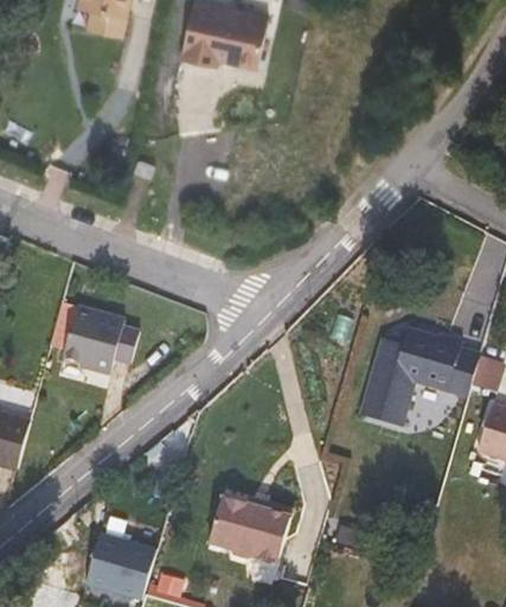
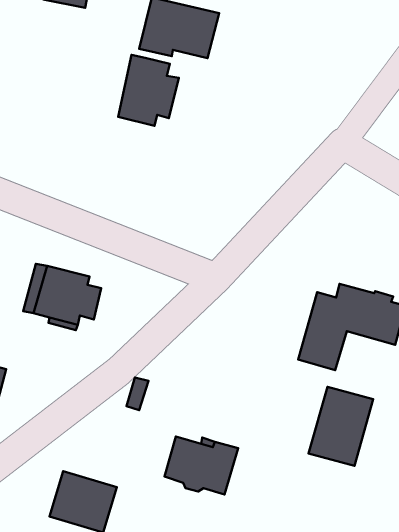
building: none -> [118,55,179,126]
building: none -> [309,387,373,466]

